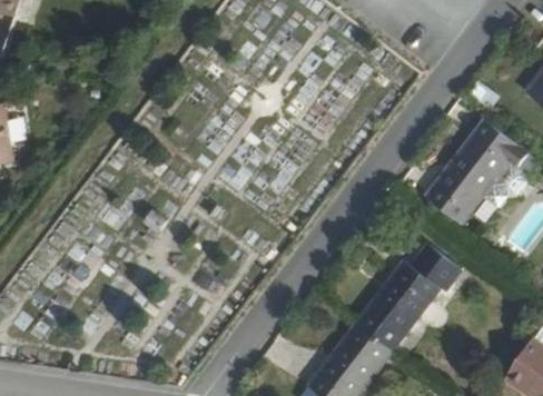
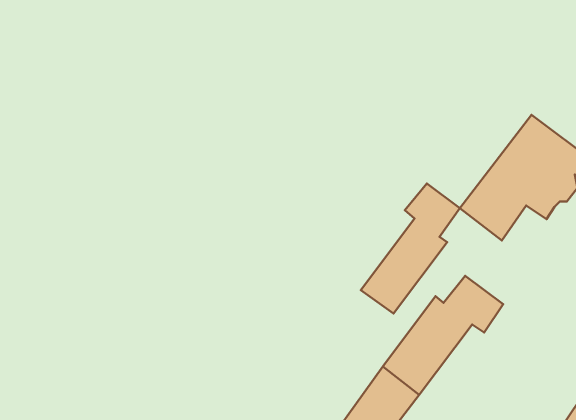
building: none -> [361,184,460,314]

